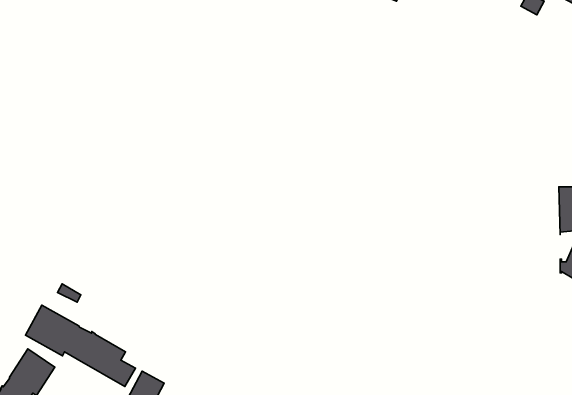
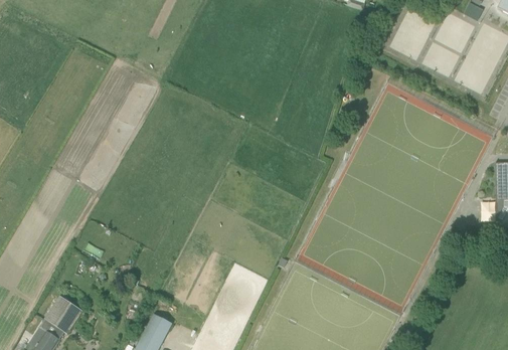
building: [25,305,136,387] -> none

